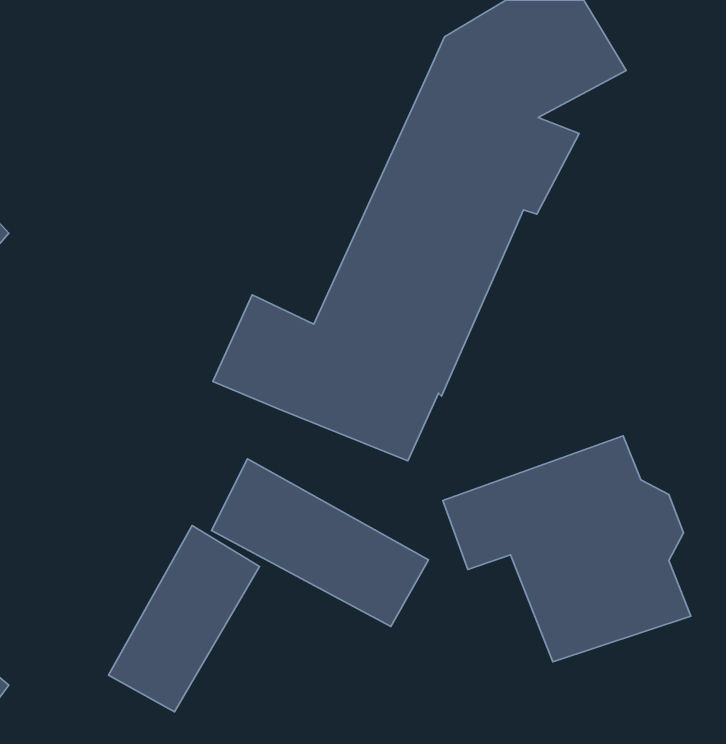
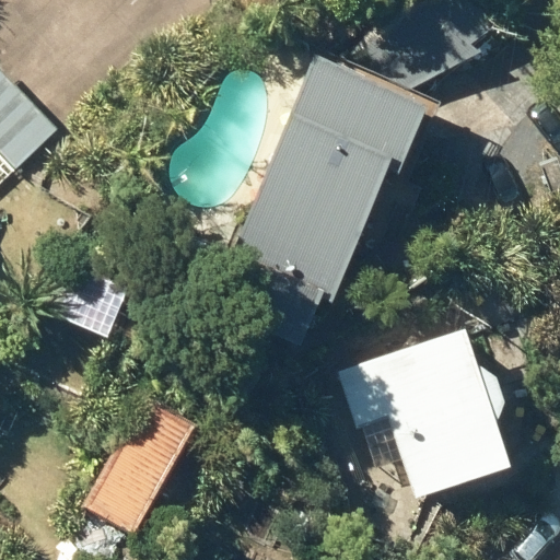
building: [212,459,428,627] -> none

